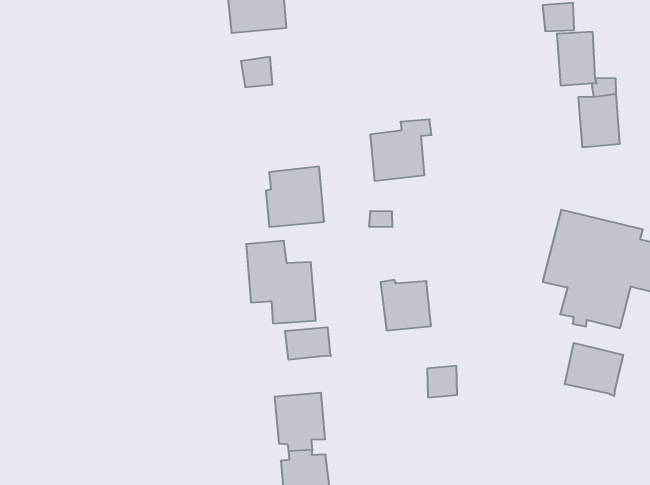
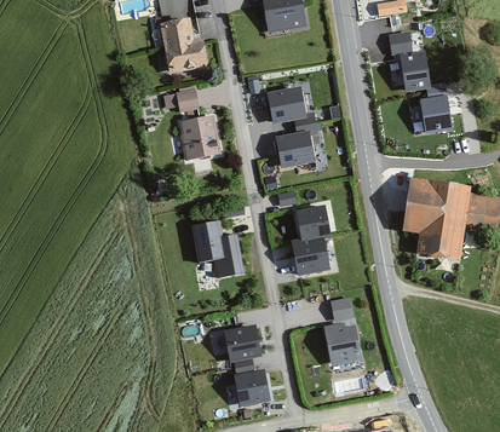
building: none -> [265,86,315,126]
building: [266,167,324,227] -> [180,115,224,161]
building: none -> [295,205,331,241]
building: [285,327,331,360] -> none
building: [565,343,623,396] -> none
building: none -> [323,321,362,363]

